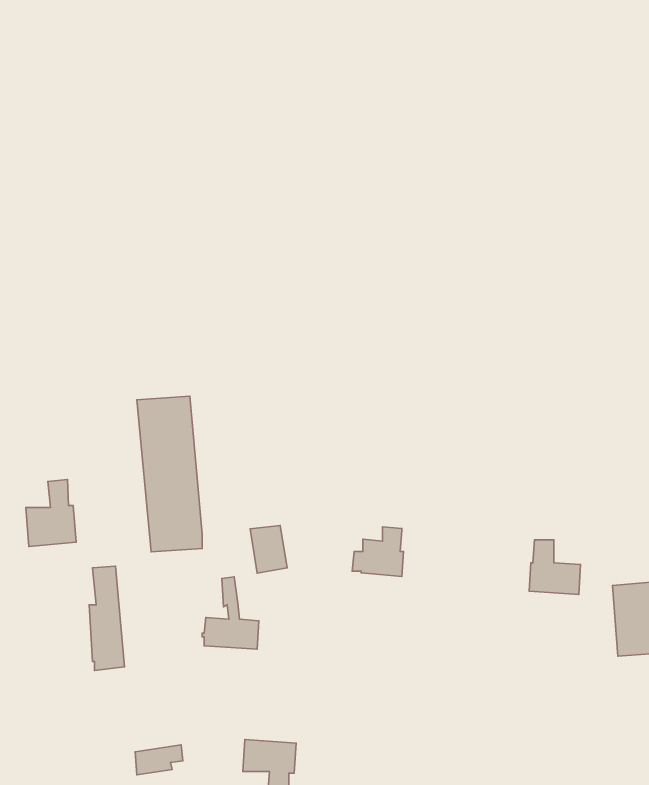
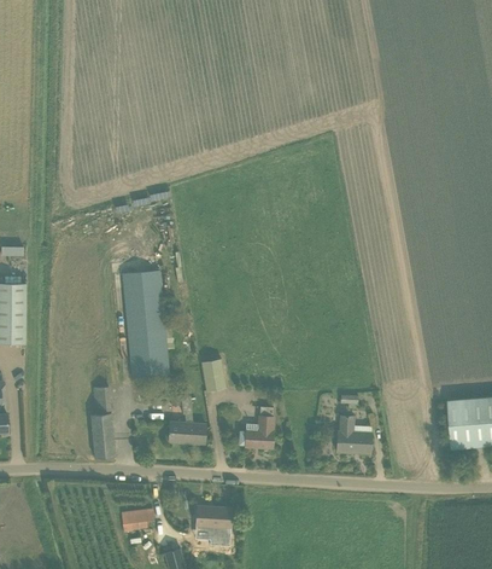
building: [26,479,76,547] -> none
building: [352,527,404,576] -> [238,414,273,448]
building: [529,540,580,595] -> [335,416,370,453]

